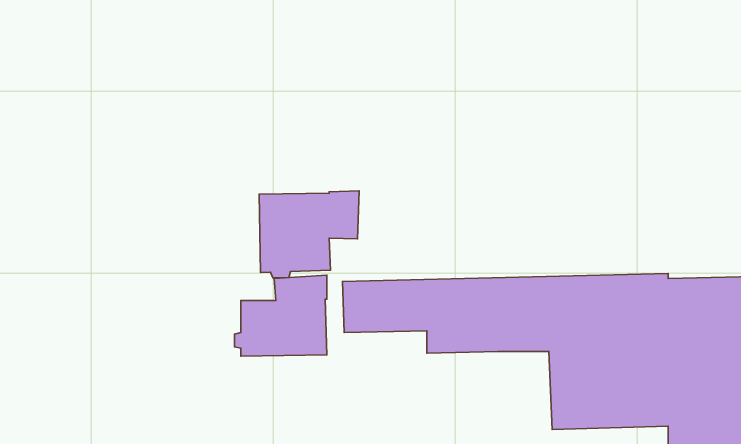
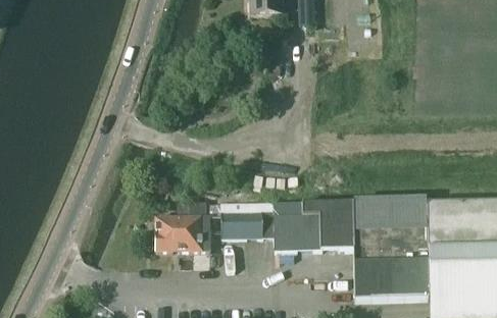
building: [259,191,359,278] -> none

